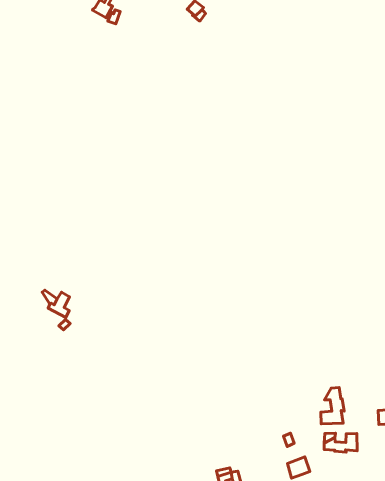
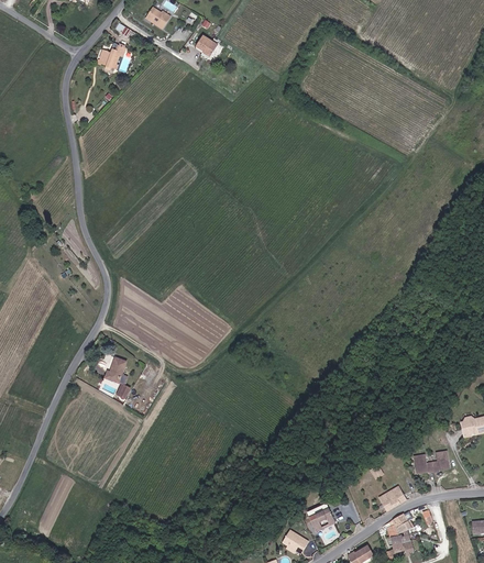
building: [321,388,344,424] -> none

